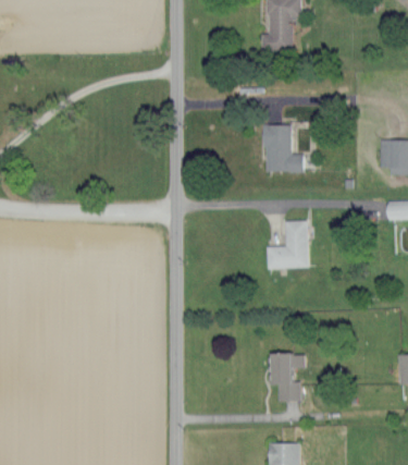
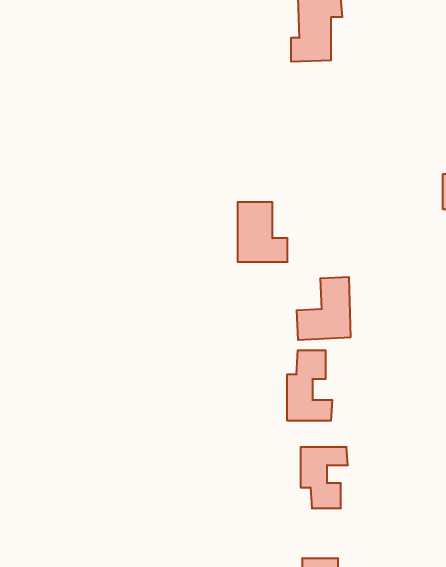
building: [264,125,304,172] -> [238,202,288,262]
building: none -> [287,350,332,421]

